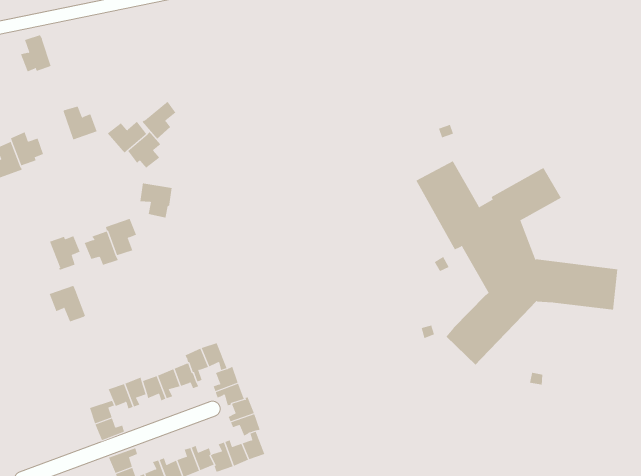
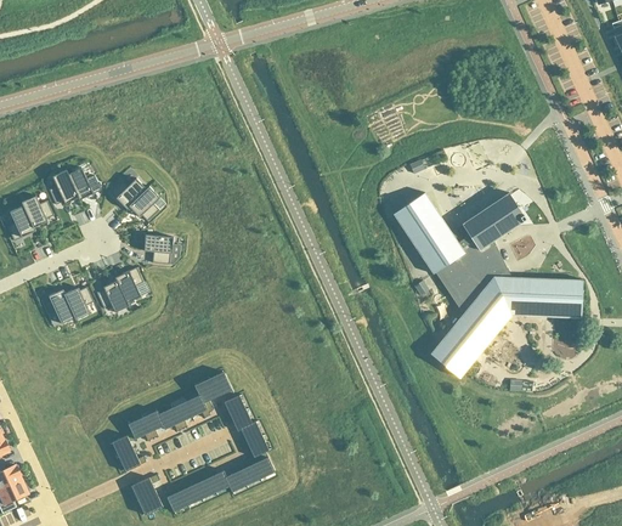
building: [20,34,52,72] -> [49,169,78,204]
building: [142,101,176,140] -> none
building: [49,285,86,322] -> [40,288,75,322]

